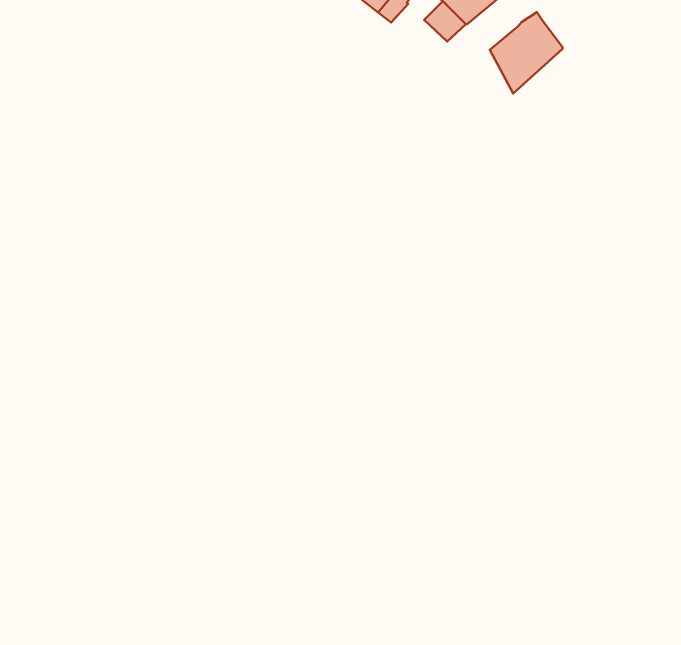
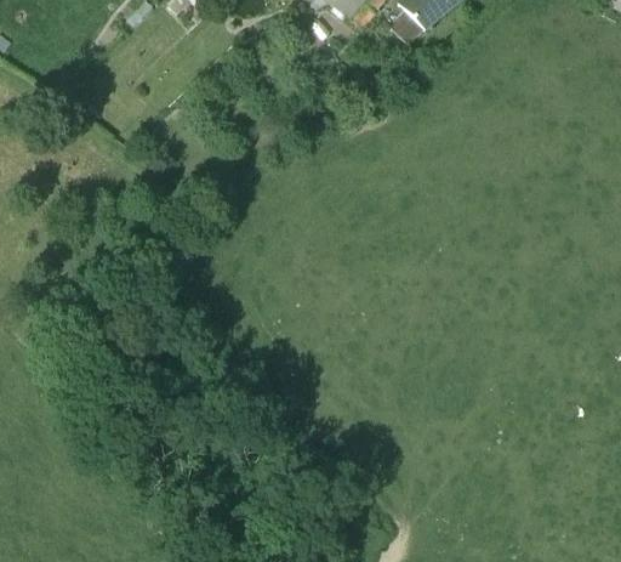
building: [490,12,563,93] -> none

